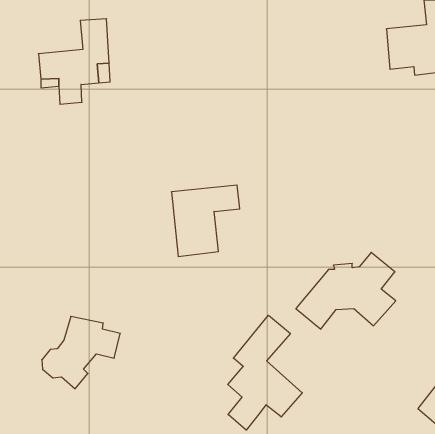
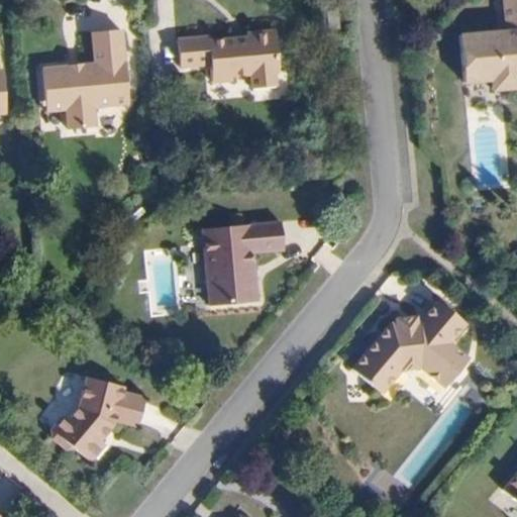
building: none -> [178,28,280,87]
building: [228,315,302,430] -> none

